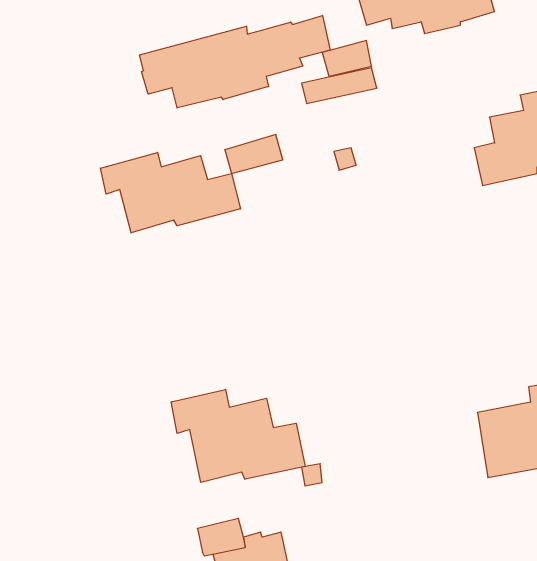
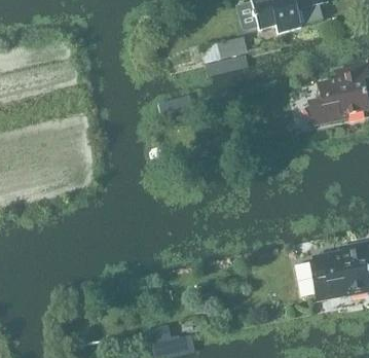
building: [140,15,330,108] -> none
building: [100,152,241,233] -> none
building: [171,389,305,482] -> none

